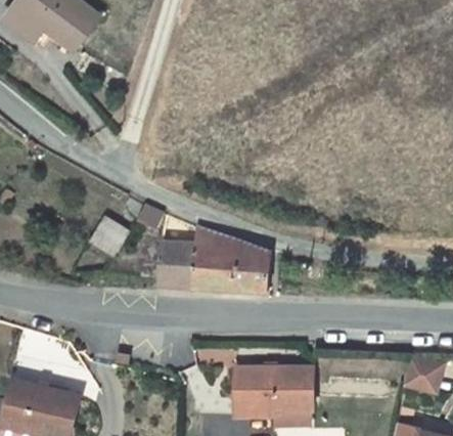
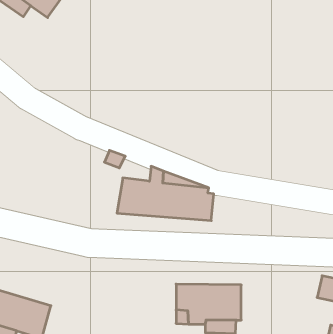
building: [94,217,134,257] -> none

